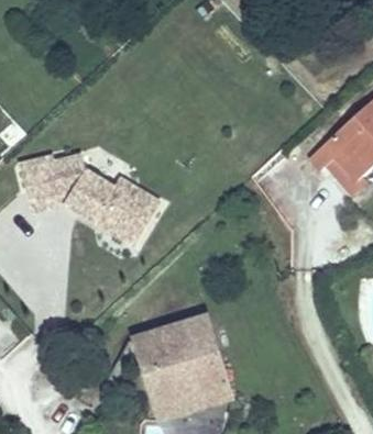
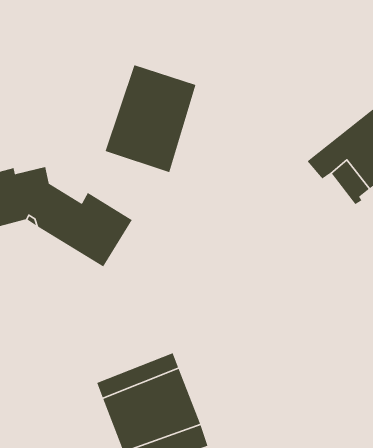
building: none -> [105,64,196,173]

